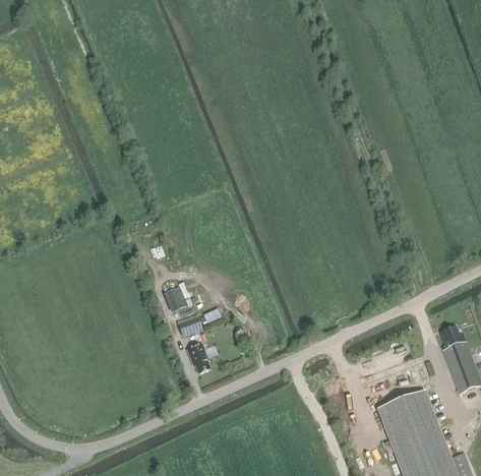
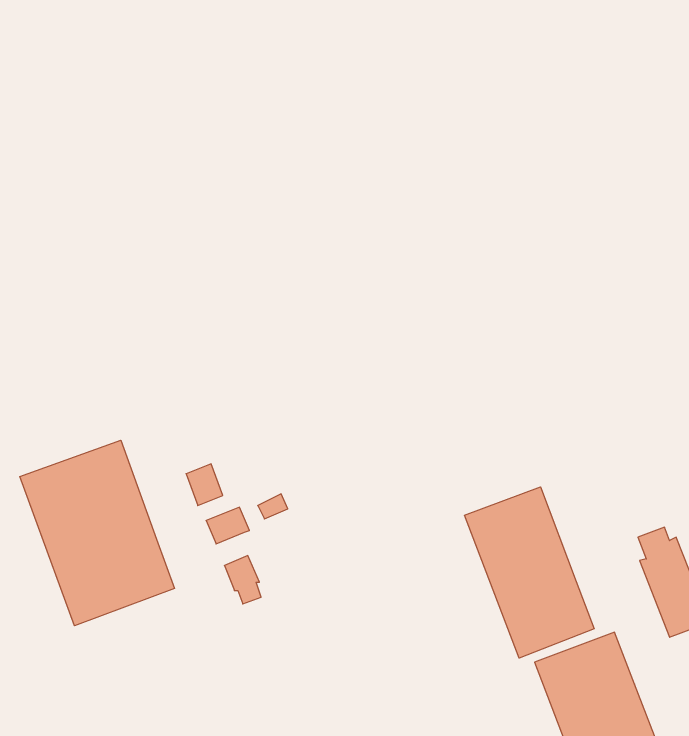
building: none -> [20,440,174,626]
building: none -> [464,487,594,658]

